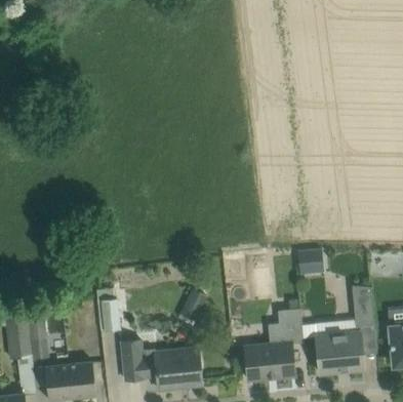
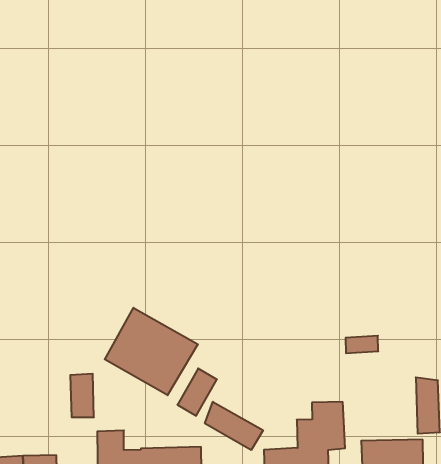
building: none -> [105,308,198,395]
building: none -> [205,402,263,450]

